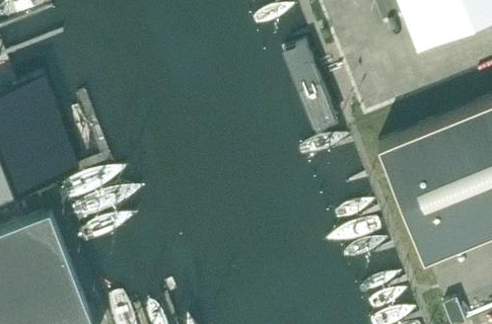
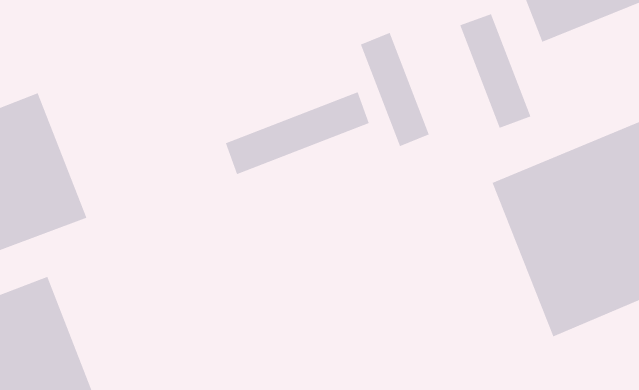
building: none -> [459,13,532,129]
building: none -> [225,91,370,175]

